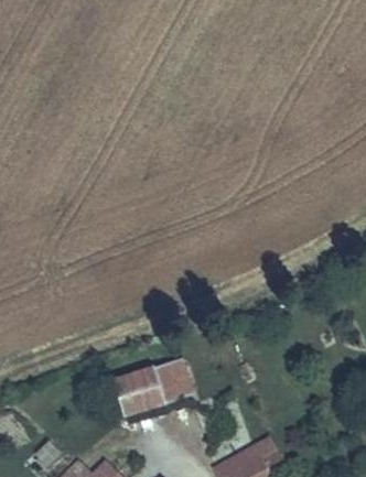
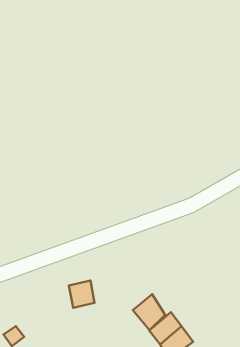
building: [147,369,184,405] -> none
building: none -> [133,294,165,330]

